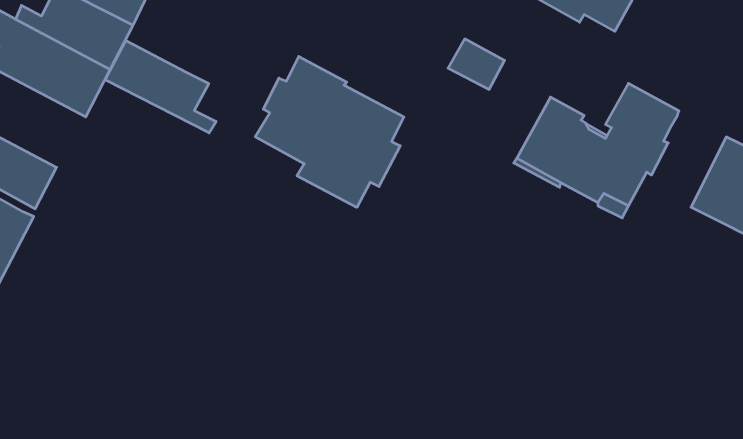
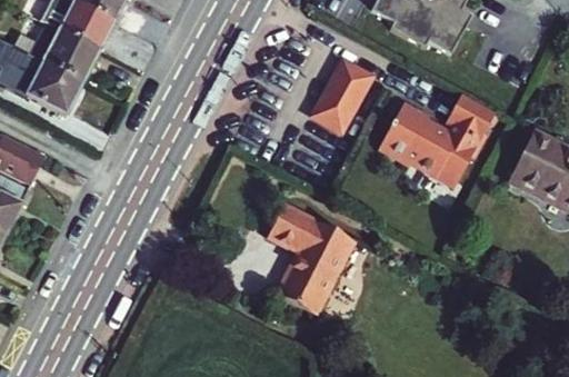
building: [105,41,216,133] -> none
building: [255,56,404,207] -> none
building: none -> [310,80,359,130]
building: none -> [267,204,352,312]

